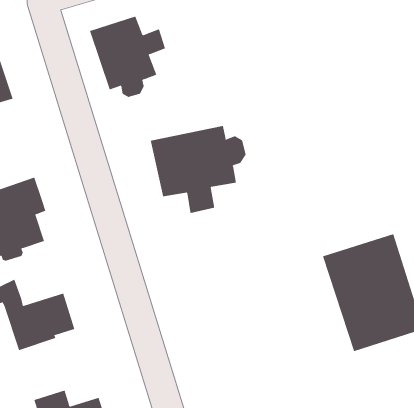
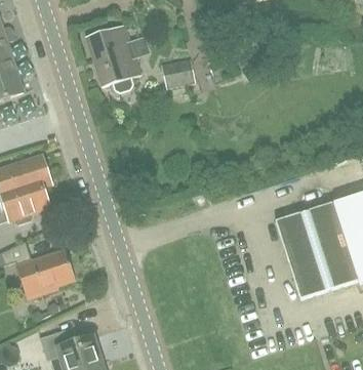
building: none -> [162,58,194,87]
building: [150,125,246,214] -> none

